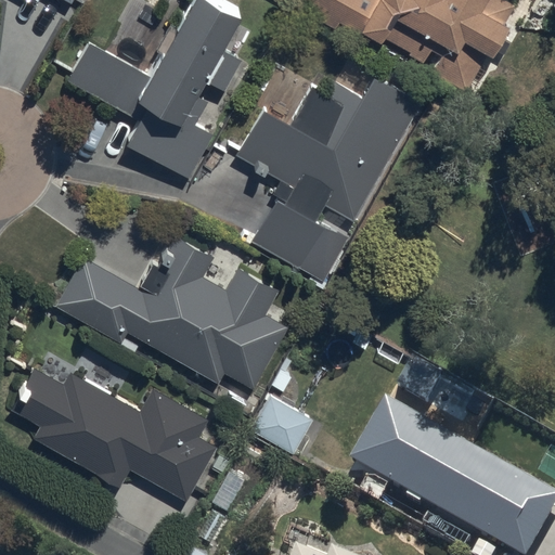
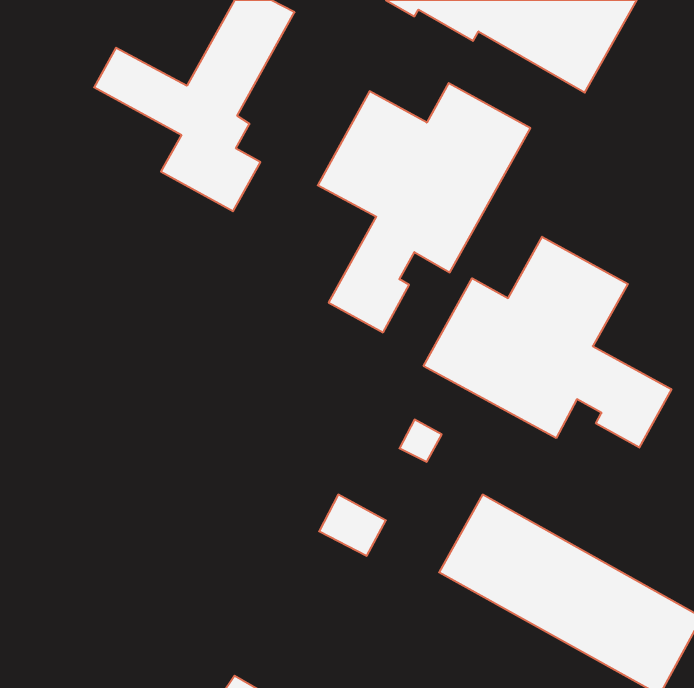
building: none -> [424,237,671,448]
building: [62,237,281,379] -> none
building: [22,372,208,495] -> none

